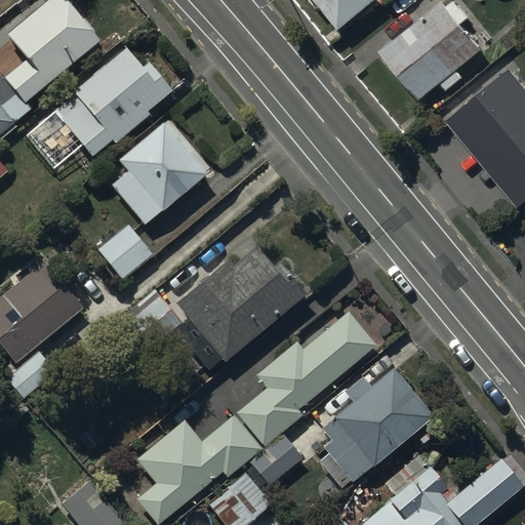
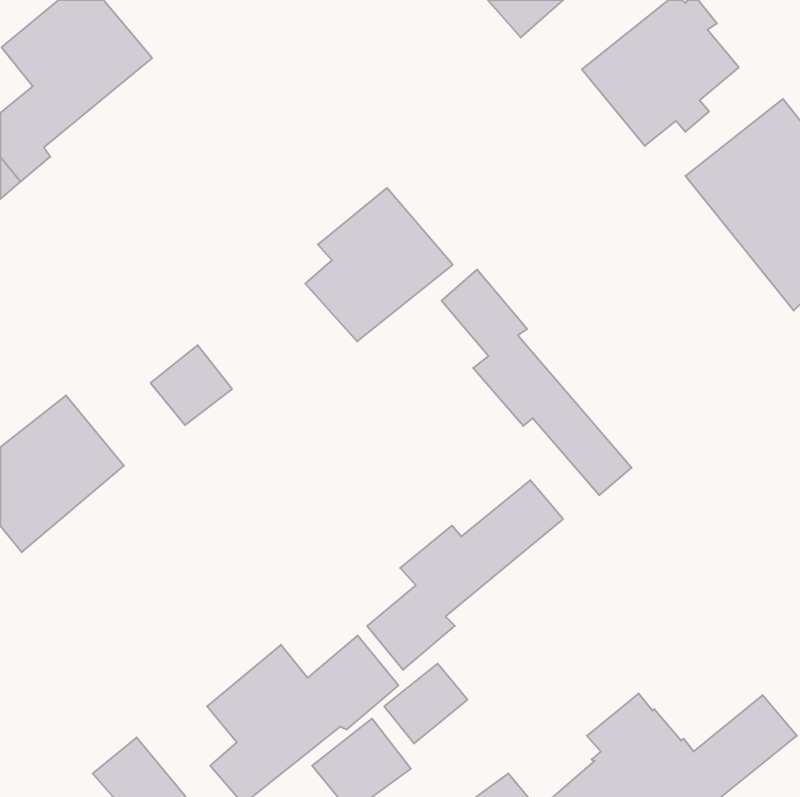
building: [58,46,172,157] -> none
building: [110,123,206,224] -> [305,188,453,342]
building: none -> [442,270,632,495]
building: [175,250,305,368] -> none
building: [321,365,435,486] -> none

